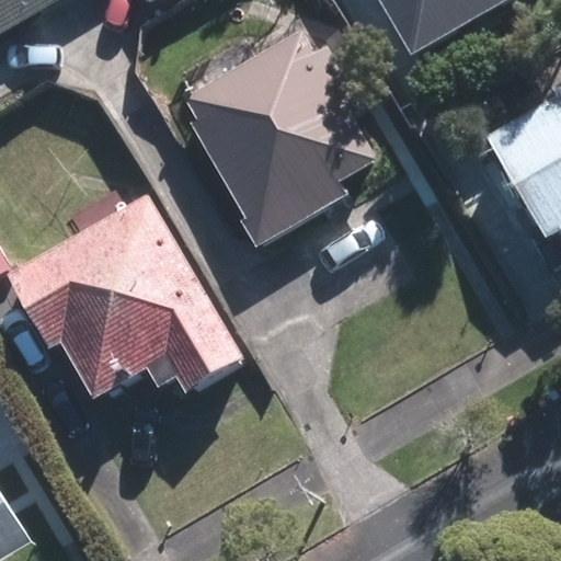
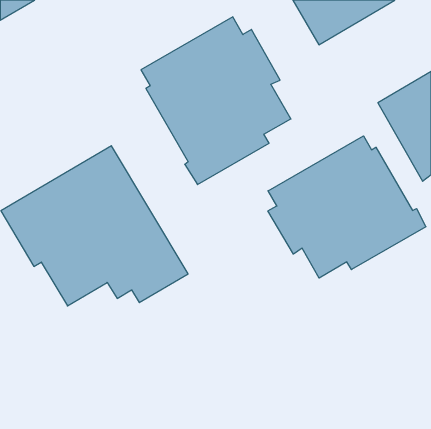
building: none -> [268,136,426,278]

